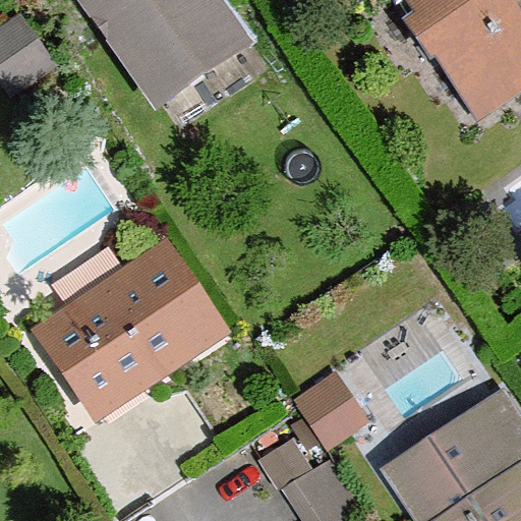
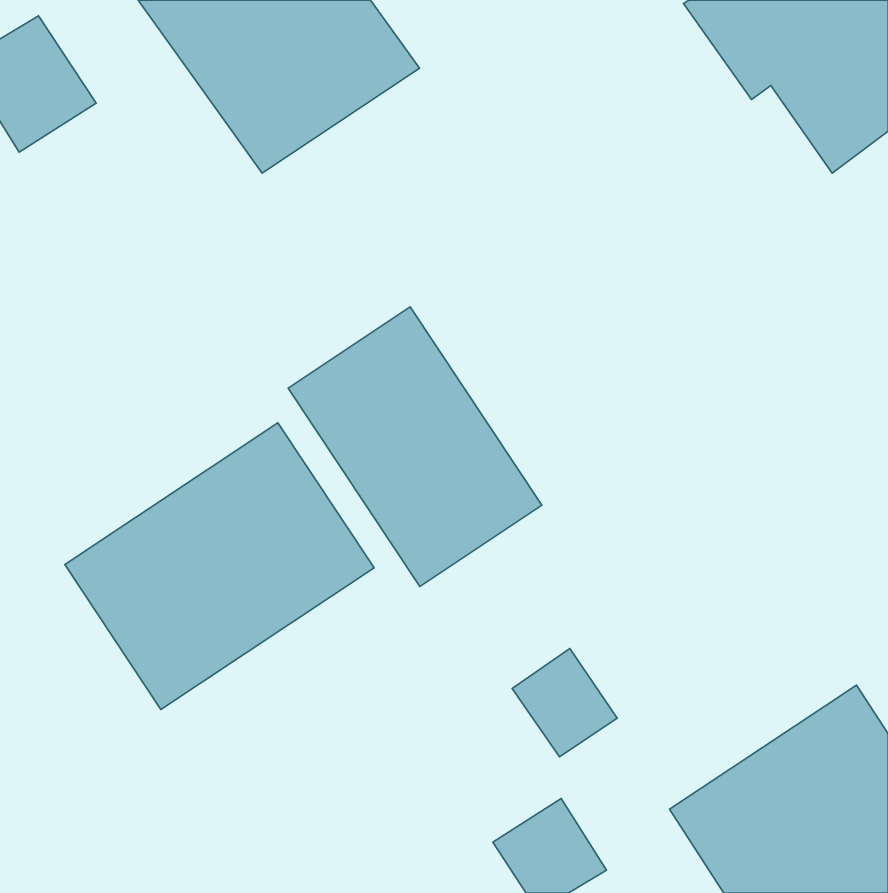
building: none -> [288,307,542,586]

